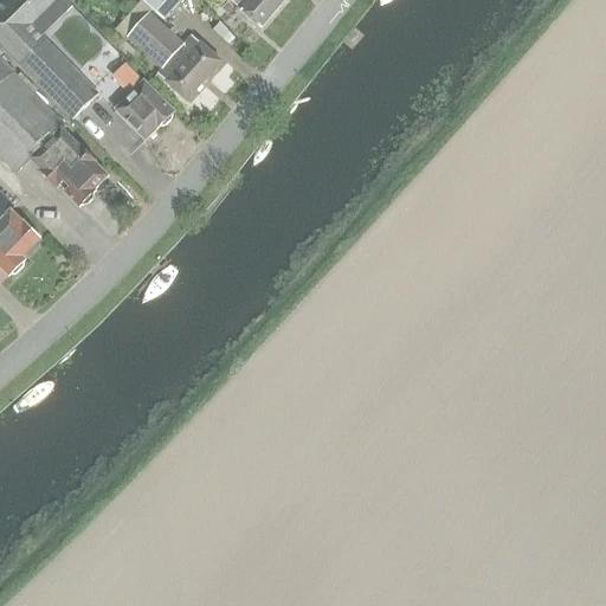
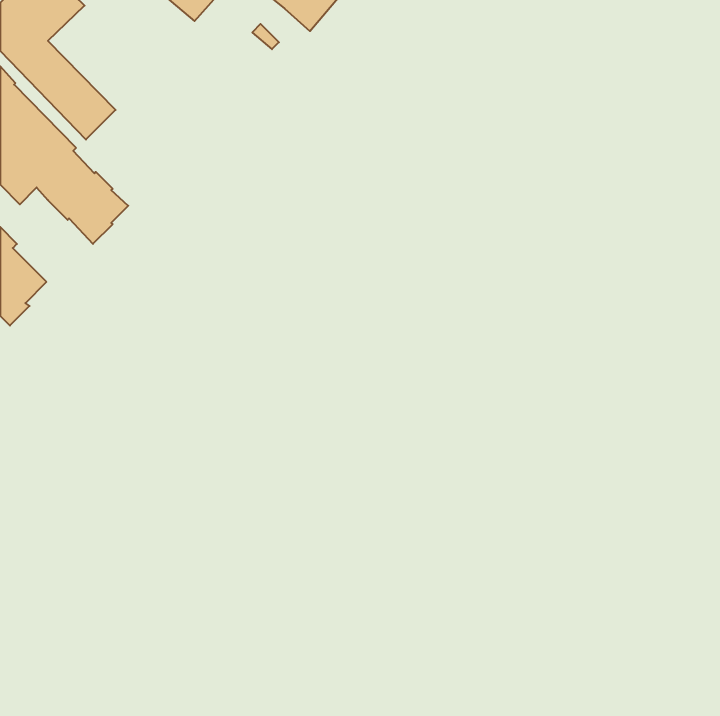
building: [127,11,220,98] -> none
building: [115,67,174,138] -> none

